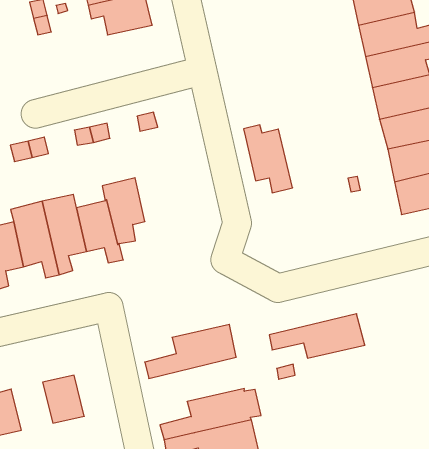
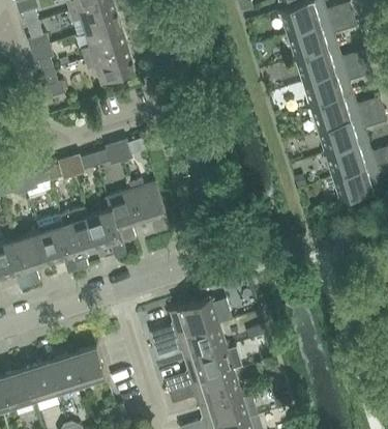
building: [244,125,293,193] -> [128,180,170,232]
building: [269,314,365,358] -> [153,323,228,361]
building: none -> [48,354,82,393]

